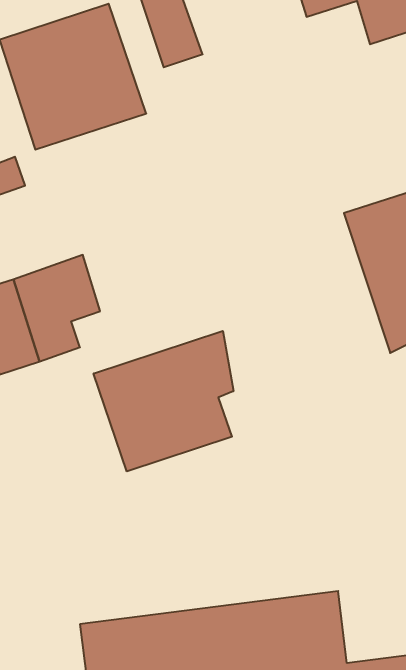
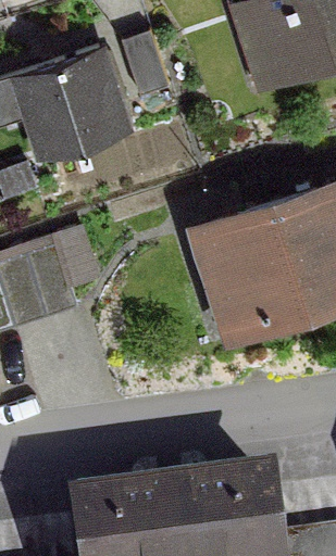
building: none -> [197,202,309,315]
building: [94,331,233,471] -> none

